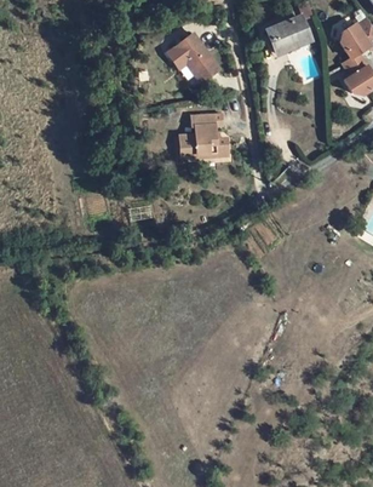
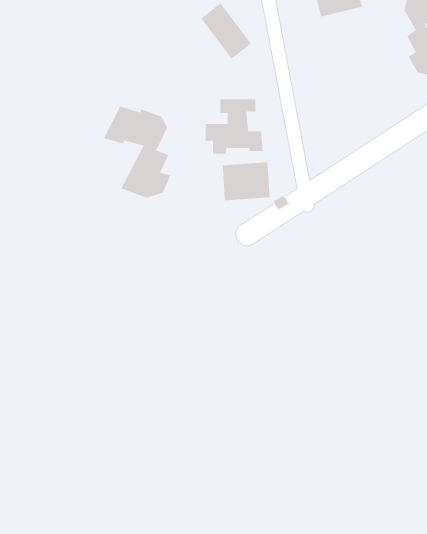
building: none -> [103,106,171,198]
building: none -> [222,162,270,201]

